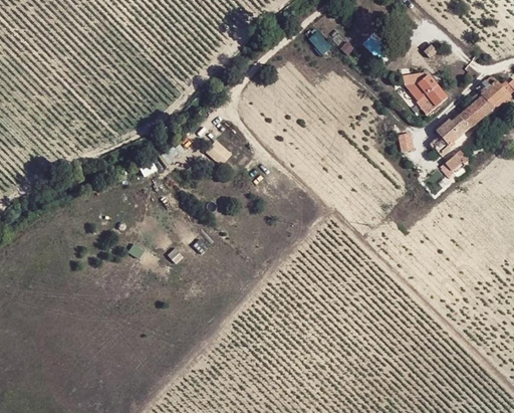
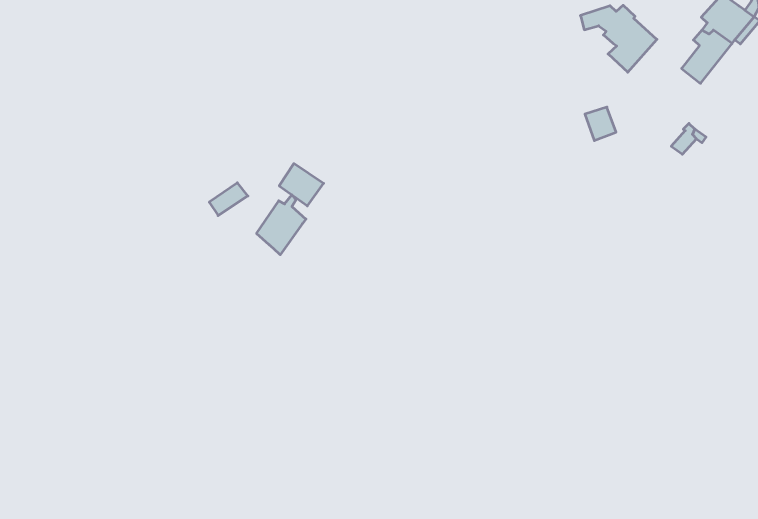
building: [431,118,469,156] -> none
building: none -> [257,195,306,255]

